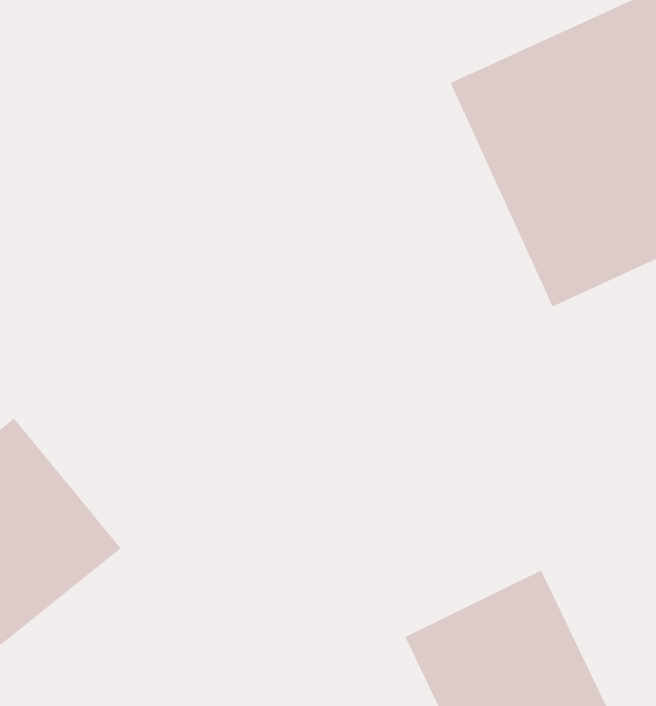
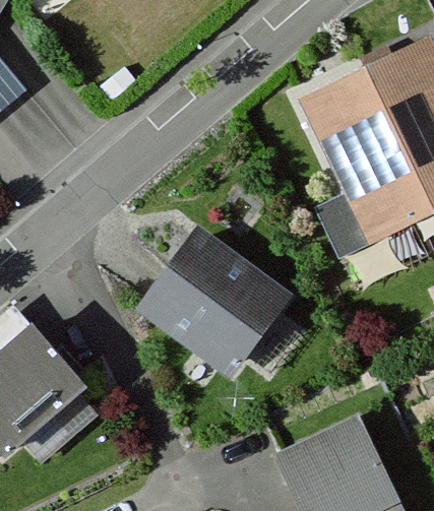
building: none -> [133,228,294,385]

